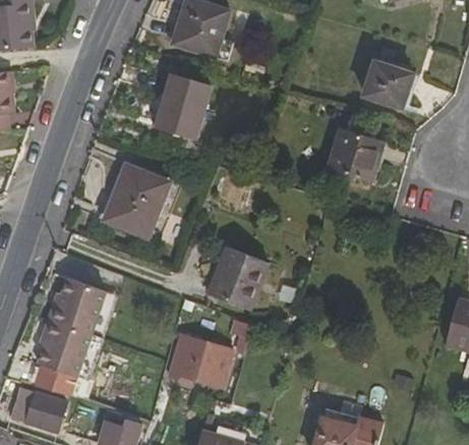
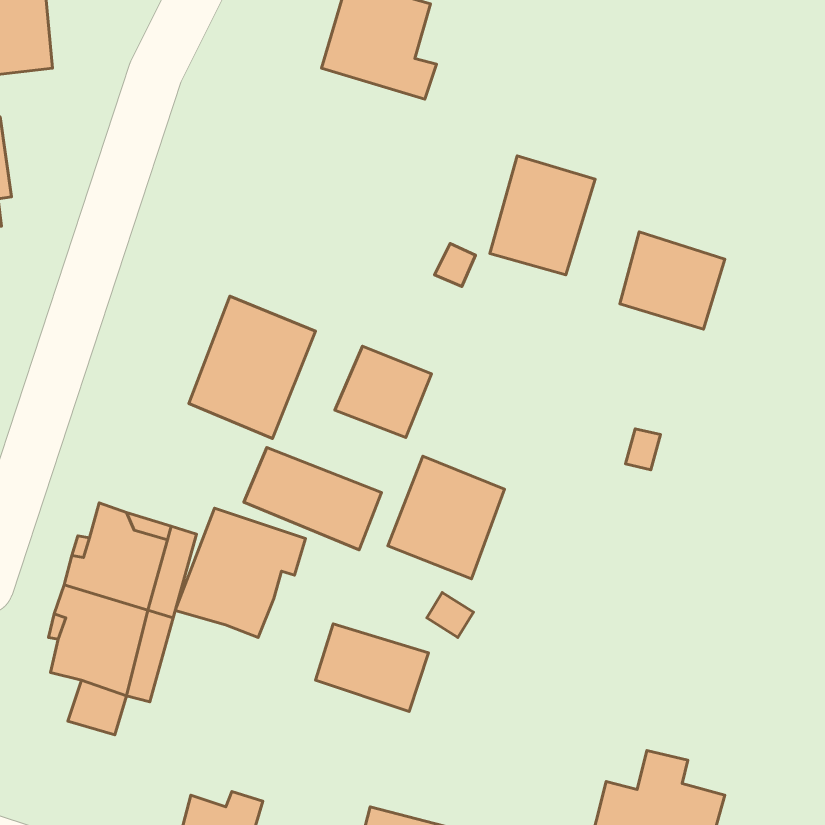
building: [363,60,414,108] -> none
building: [157,74,212,136] -> [490,156,595,275]
building: none -> [335,346,431,437]
building: none -> [244,448,382,550]
building: none -> [175,508,306,638]
building: [10,387,66,433] -> none

